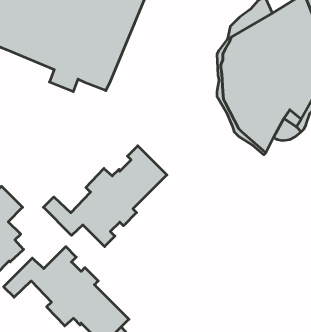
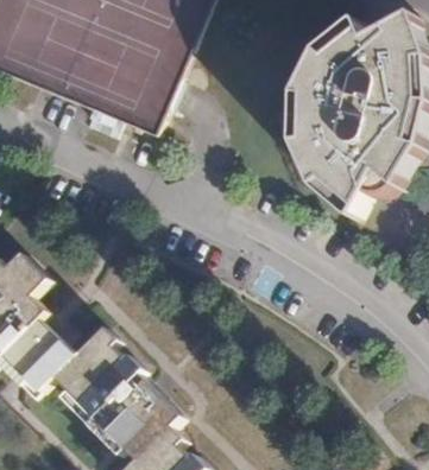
building: [43,146,167,247] -> none

